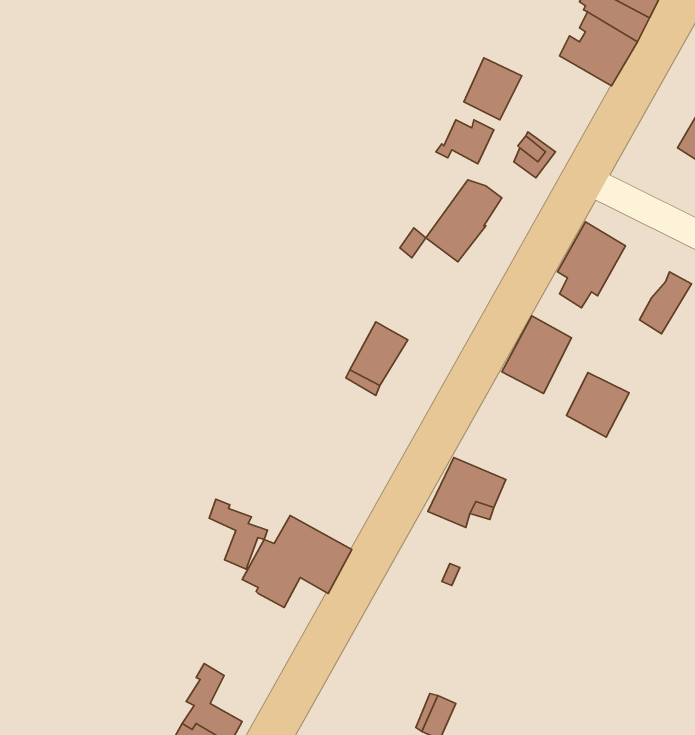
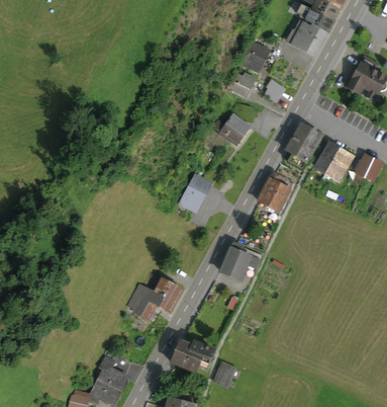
building: none -> [315,143,343,174]
building: [566,373,629,437] -> none
building: [209,499,267,569] -> none
building: none -> [171,340,214,373]

